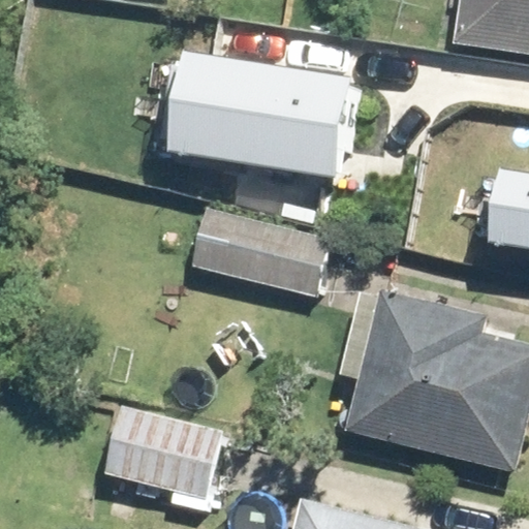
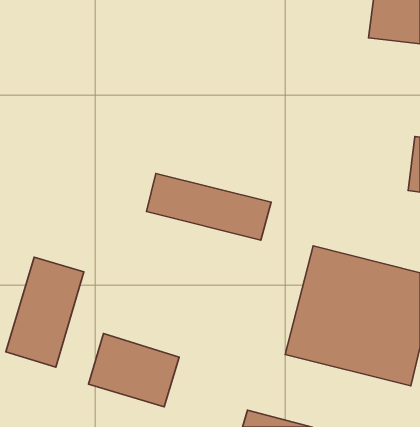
building: [164,49,363,173] -> none
building: none -> [6,257,84,367]

